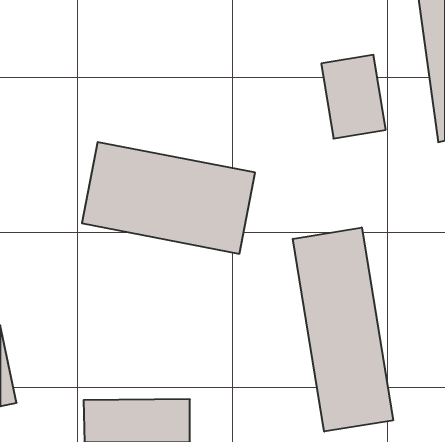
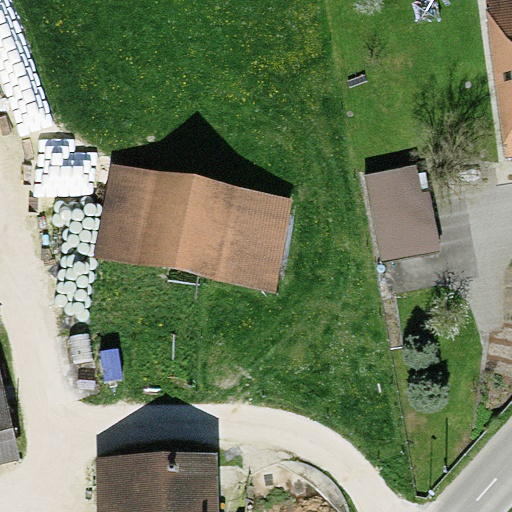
building: [321,55,386,139] -> [366,165,440,261]
building: [293,227,393,432] -> none

